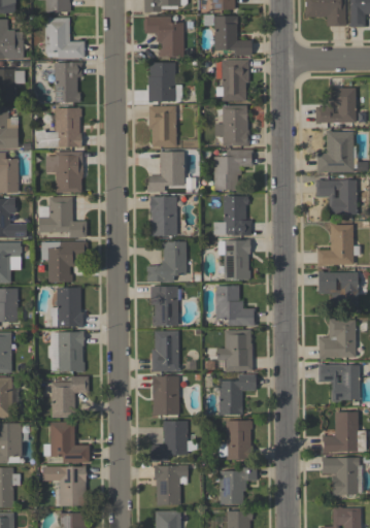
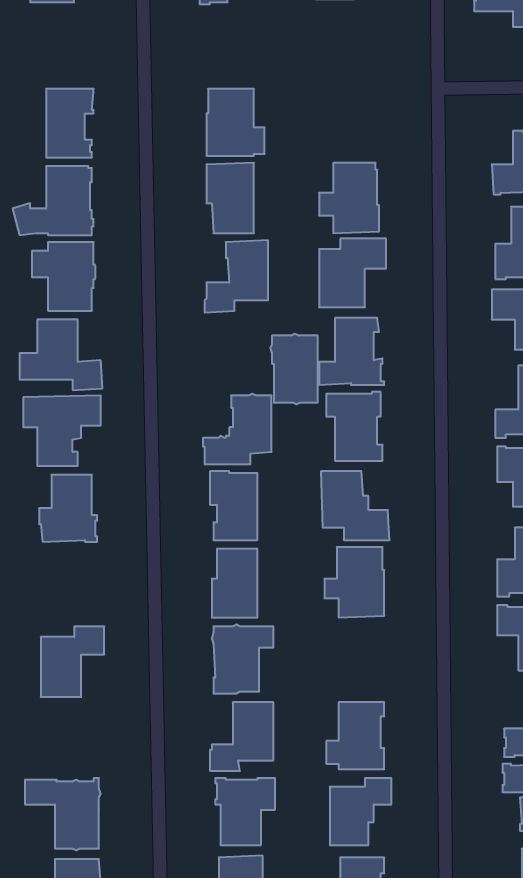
building: [143,15,184,56] -> none
building: [214,15,251,56] -> none
building: [45,18,85,58] -> none
building: [216,60,248,101] -> none
building: [149,195,177,236] -> [270,334,318,404]
building: [59,331,85,372] -> none
building: [218,374,257,415] -> none
building: [43,422,90,463] -> none

